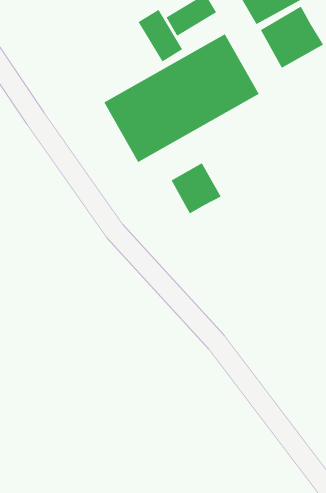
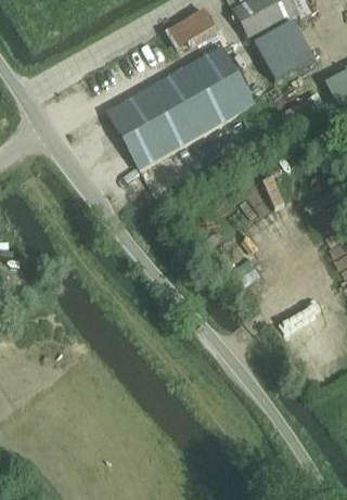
building: [138,9,183,62] -> none
building: [171,162,222,215] -> none

